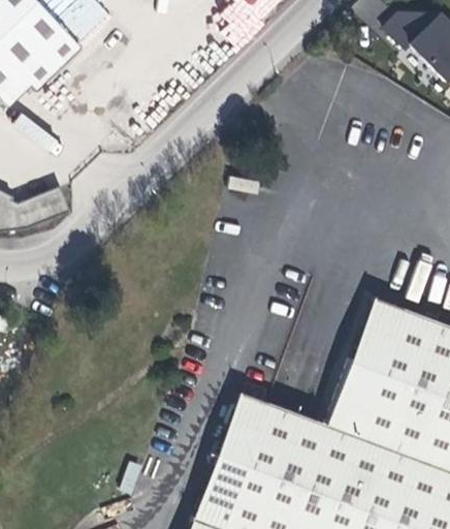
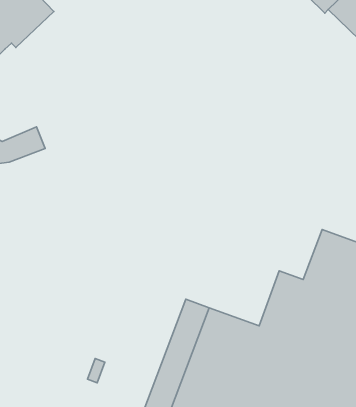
building: [353,297,405,368] -> none

